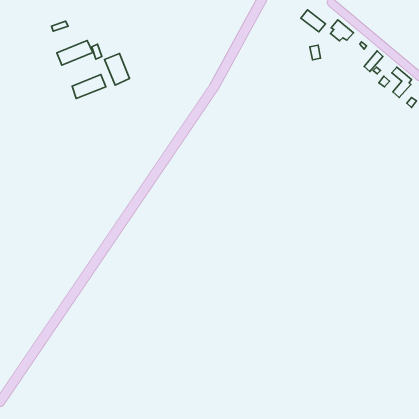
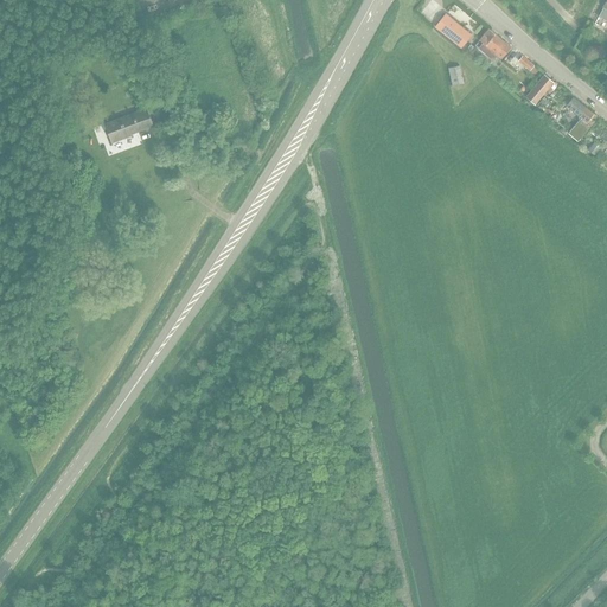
building: [57,41,93,65] -> none
building: [104,53,130,85] -> none

